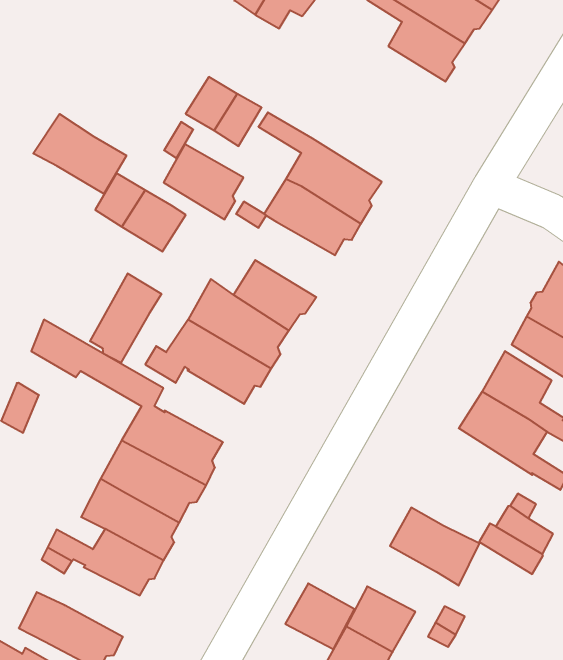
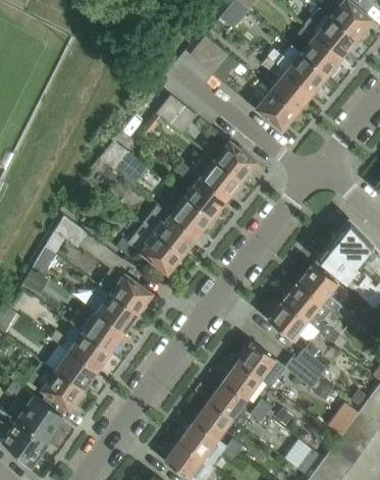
building: none -> [256,91,300,131]
building: [33,114,126,194] -> none
building: [164,144,243,219] -> [183,178,227,222]
building: [90,273,161,363] -> none
building: none -> [268,304,319,343]
building: none -> [55,353,97,393]
building: [285,583,355,649] -> [221,363,260,401]

